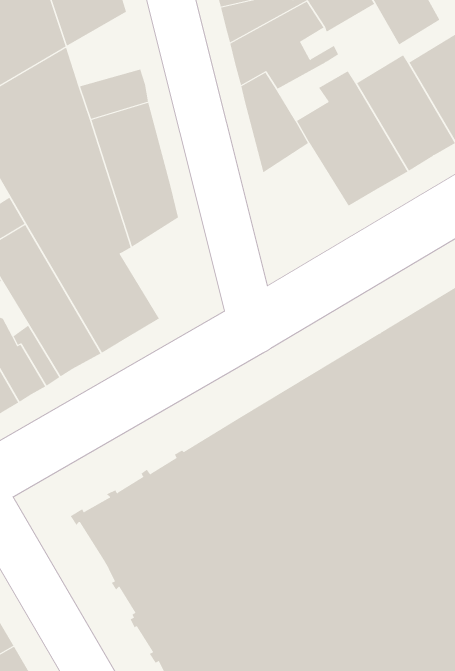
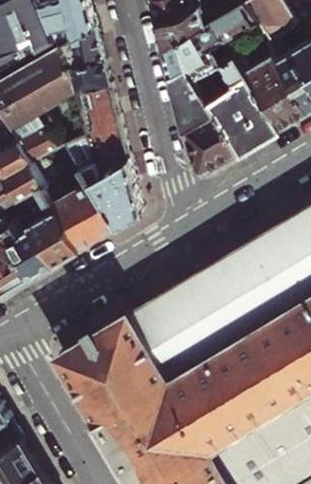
building: none -> [55,28,104,76]
building: none -> [183,113,238,177]
building: none -> [90,161,142,227]

